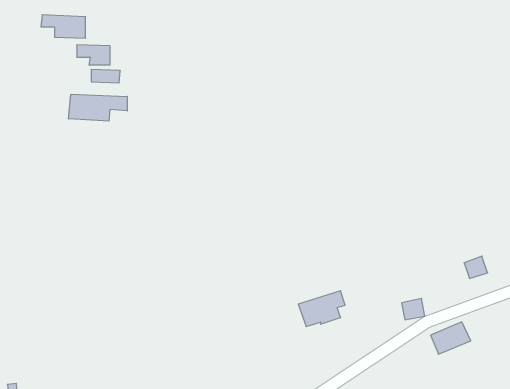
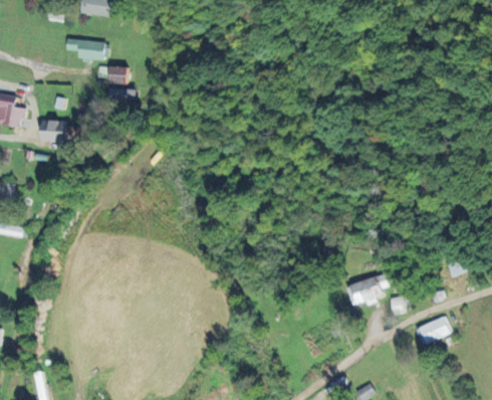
building: [69,94,127,121] -> none
building: none -> [40,121,66,142]
building: [298,291,345,327] -> [346,273,389,306]

